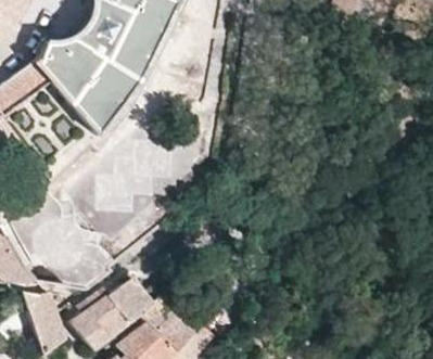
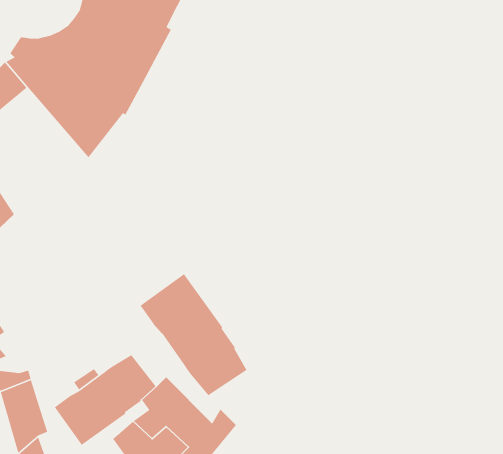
building: none -> [140,273,247,396]

